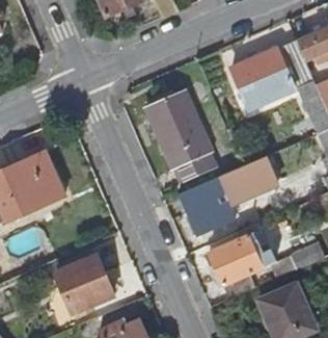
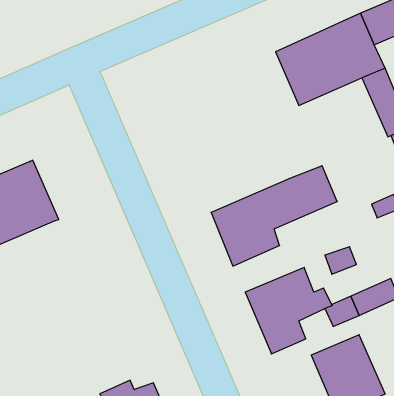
building: [145,90,214,181] -> none
building: [54,255,116,315] -> none

